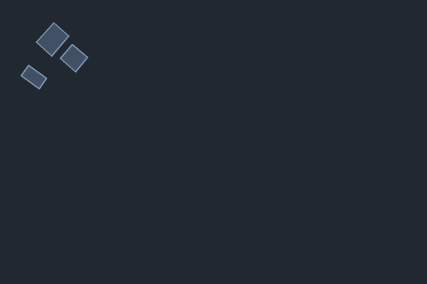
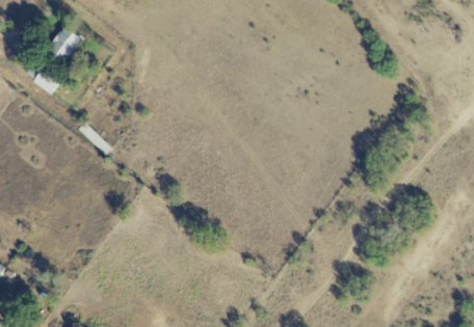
building: [60,45,88,72] -> none

